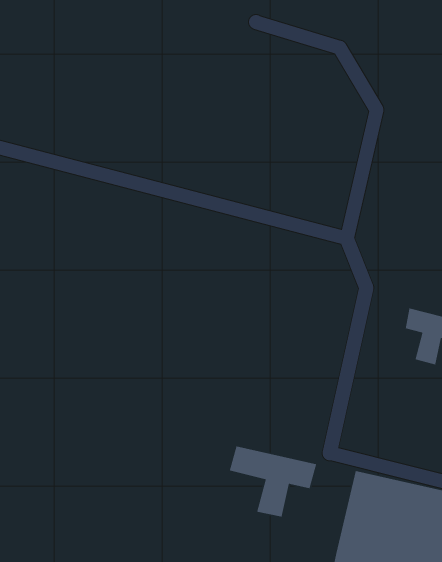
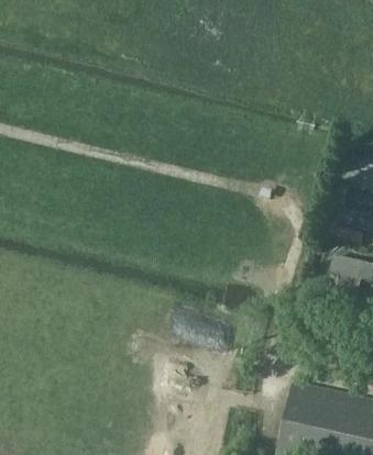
building: [229,446,317,518] -> none

